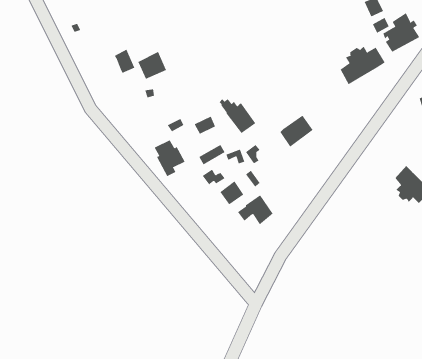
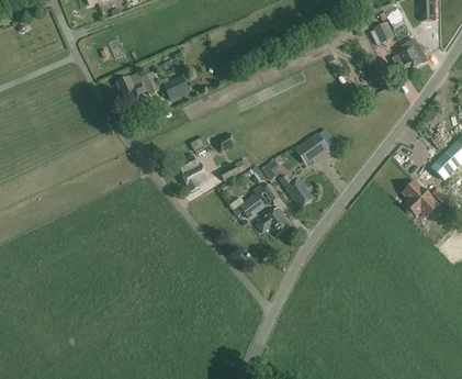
building: [340,46,385,85] -> none
building: none -> [116,78,146,109]
building: [219,99,256,134] -> [279,176,314,209]

